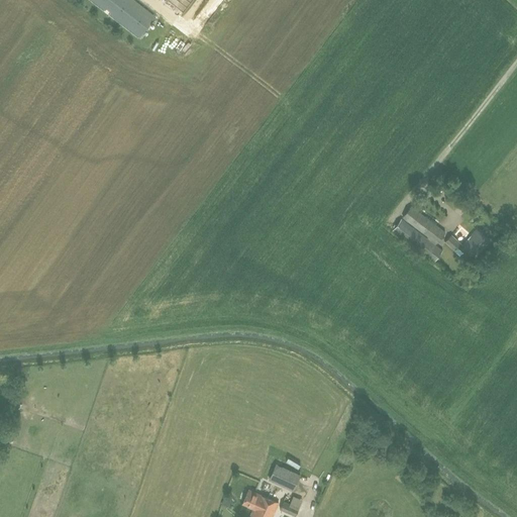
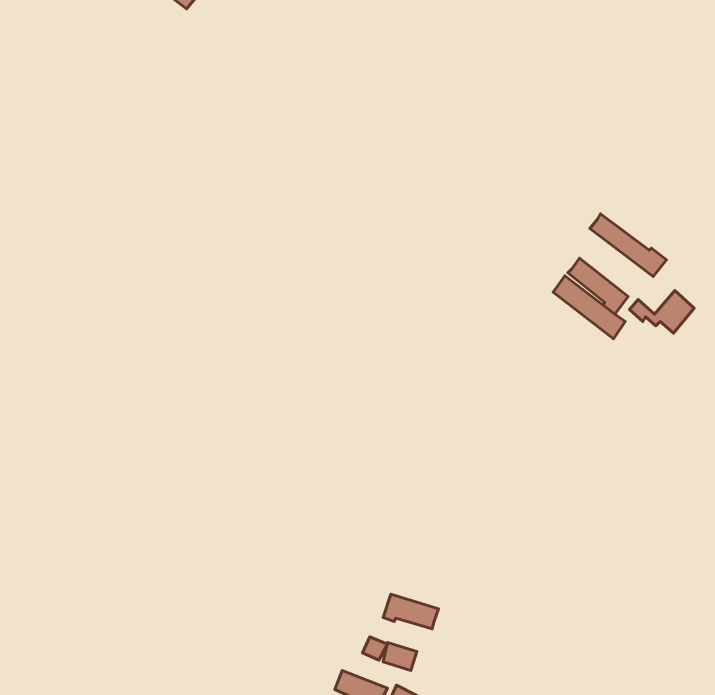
building: none -> [590,214,667,276]
building: none -> [383,594,438,629]

